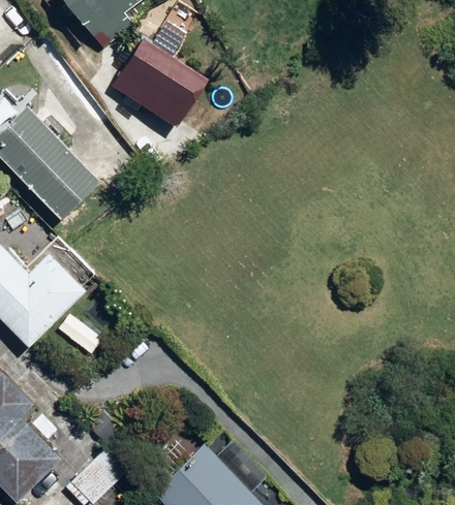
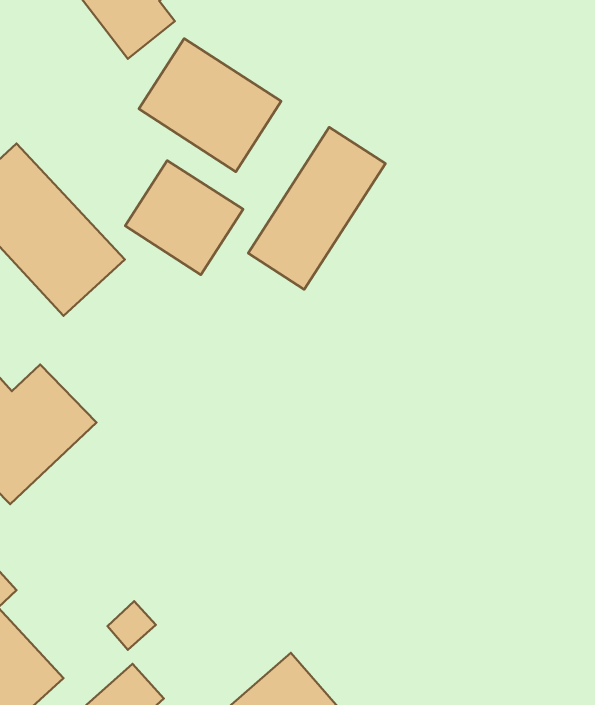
building: none -> [248,127,385,289]
building: none -> [125,160,243,275]

